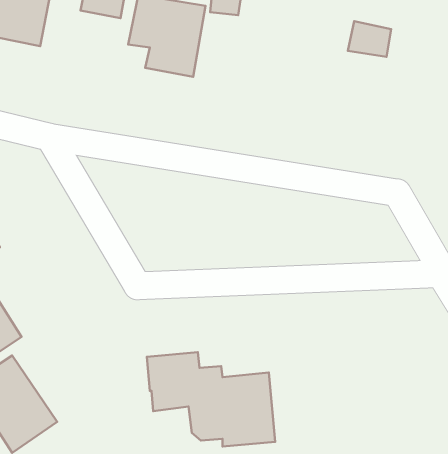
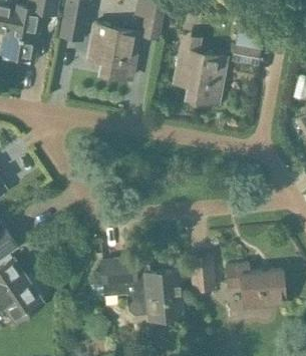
building: none -> [176,35,225,104]
building: none -> [192,258,215,292]
building: none -> [227,265,286,308]

